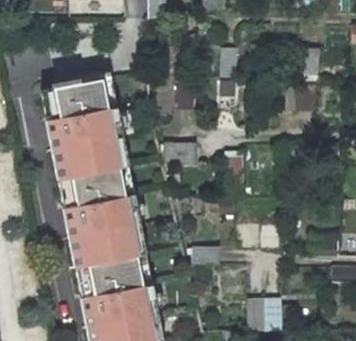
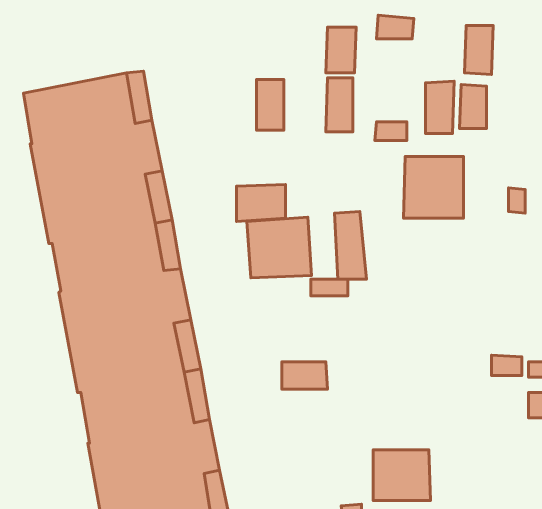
building: none -> [403,157,464,218]
building: none -> [247,217,312,278]

